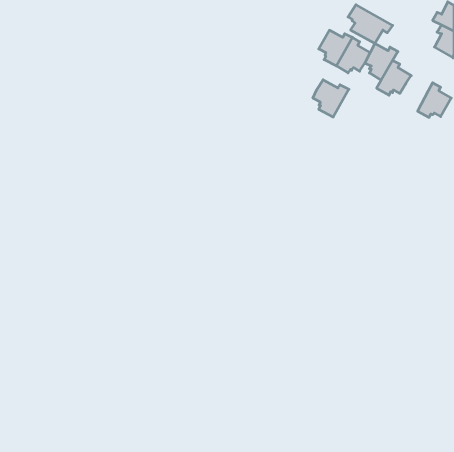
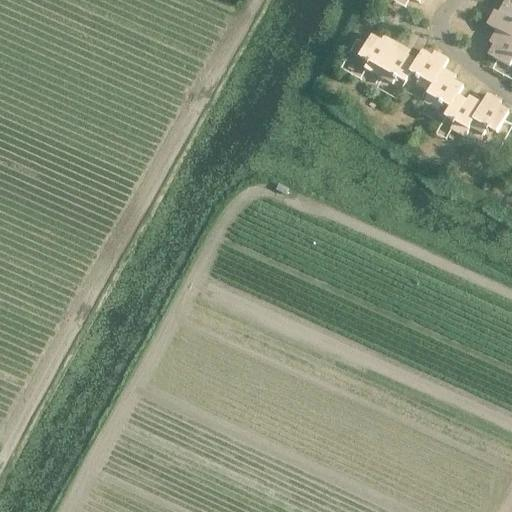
building: [348,5,393,44] -> none
building: [313,80,349,117] -> none
building: none -> [444,94,481,135]

